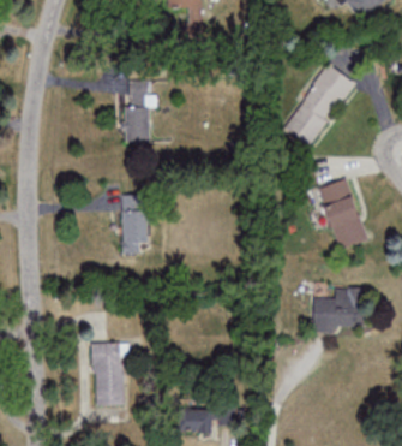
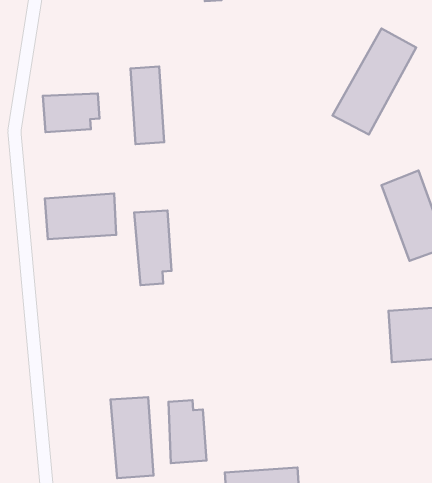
building: none -> [43,94,99,132]
building: none -> [45,194,116,239]
building: none -> [168,400,206,463]

